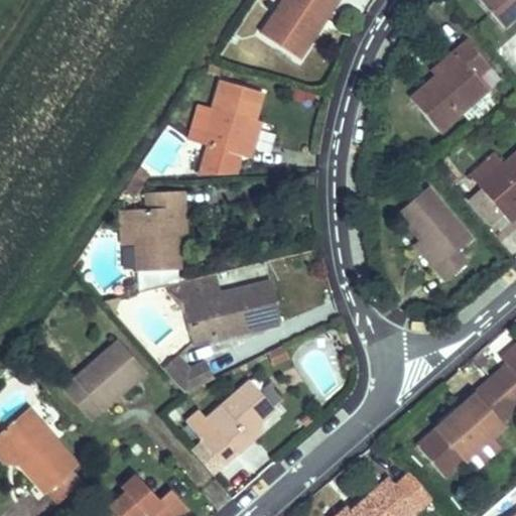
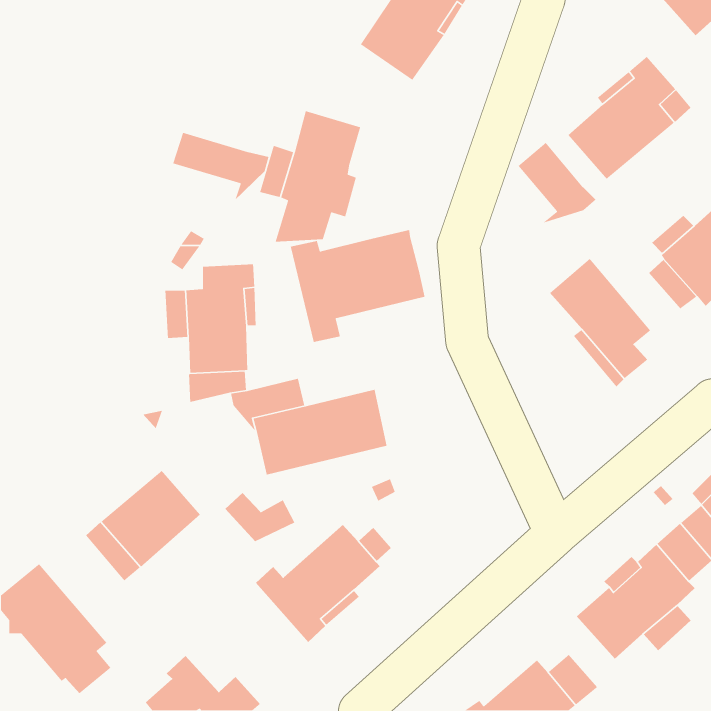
building: none -> [172,132,270,202]
building: none -> [517,142,596,224]
building: none -> [290,229,426,343]

